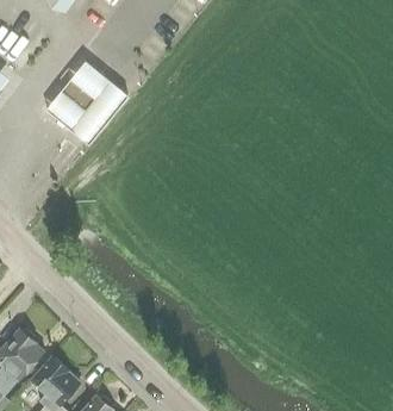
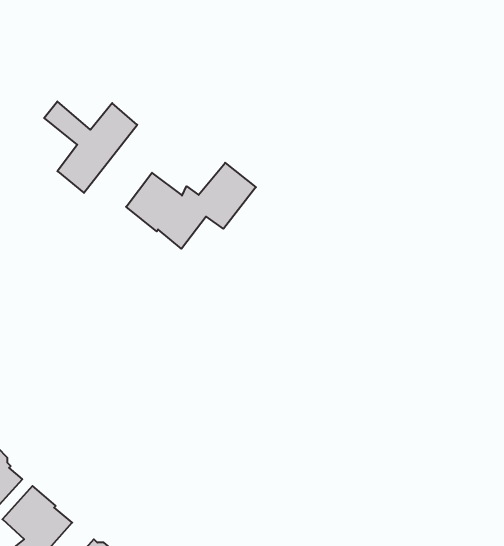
building: none -> [126,163,256,249]

